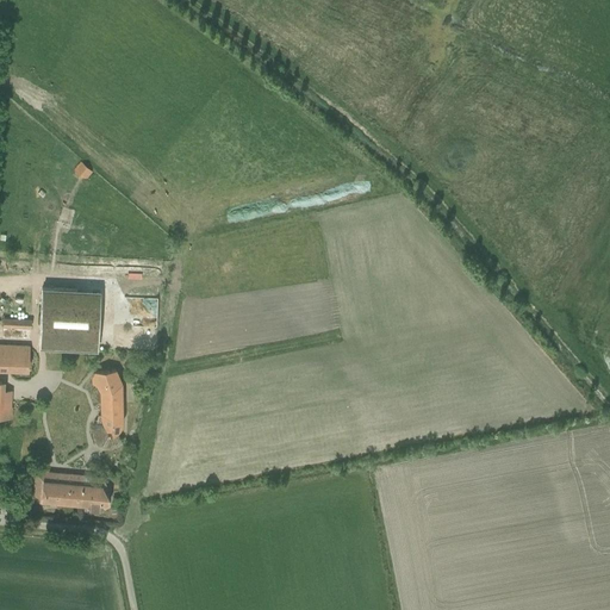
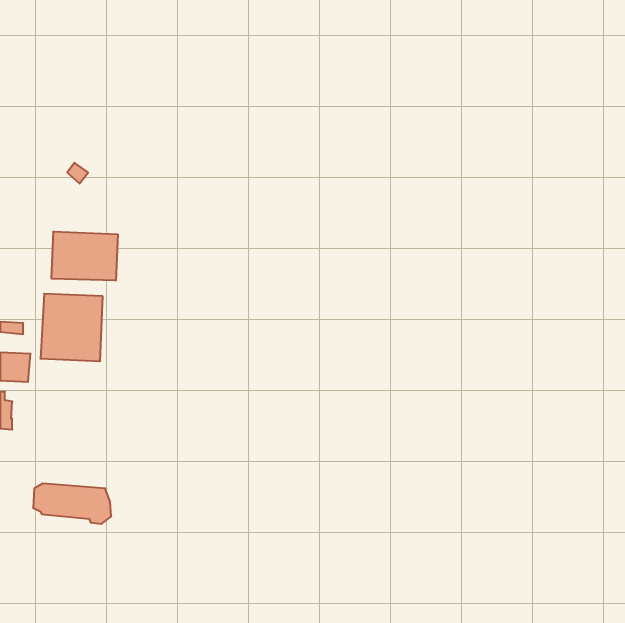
building: none -> [52,231,118,281]
building: [91,371,123,450] -> none

